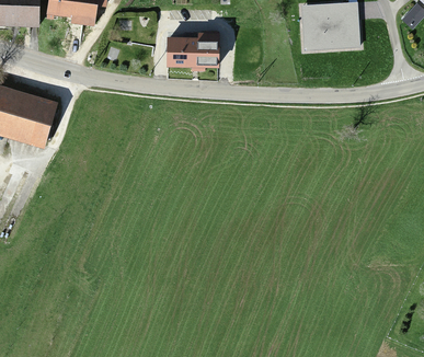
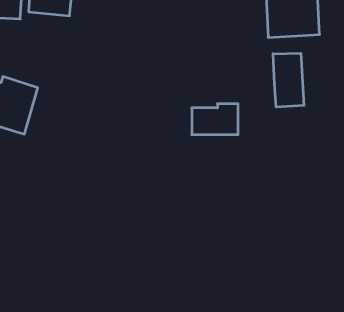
building: [170,35,219,68] -> [192,104,238,135]
building: none -> [273,53,304,107]

